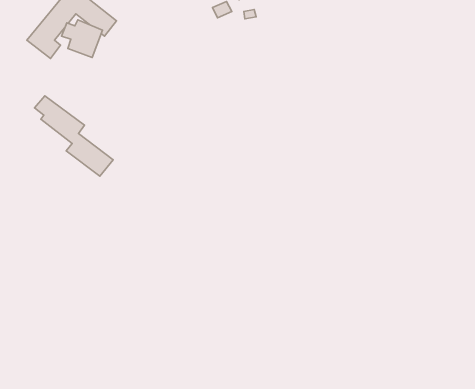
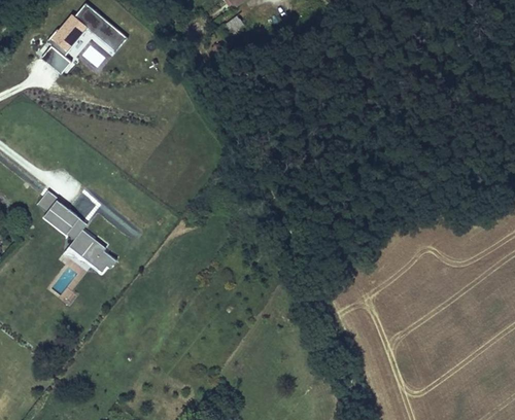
building: [35,96,113,176] -> [36,191,115,273]

